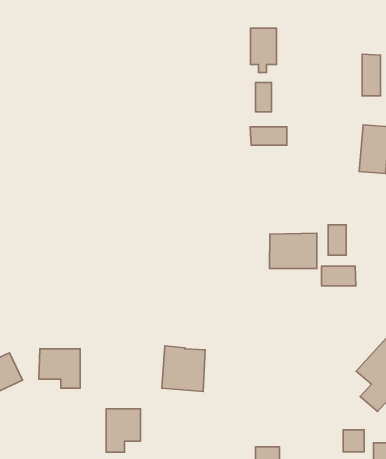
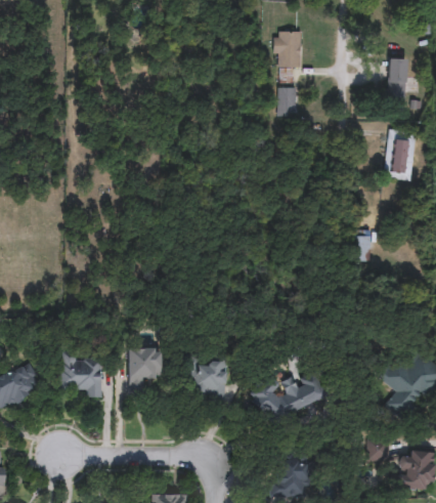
building: [250,127,287,145] -> none
building: [269,233,317,269] -> none
building: [321,266,356,286] -> none
building: none -> [252,377,325,427]
building: [106,409,140,452] -> [128,348,163,392]

